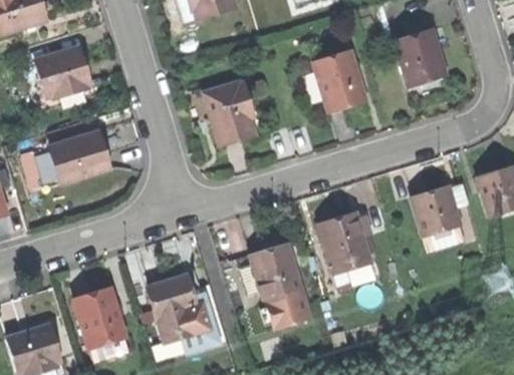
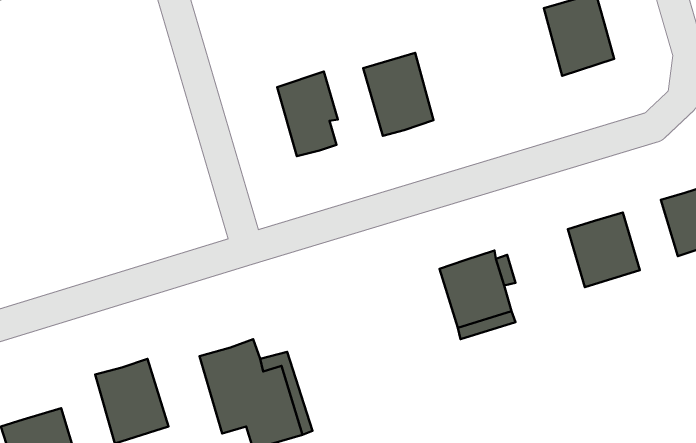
building: [34,45,92,95] -> none
building: [312,51,362,110] -> [363,53,434,136]
building: [32,130,111,188] -> none
building: [251,246,308,328] -> none

